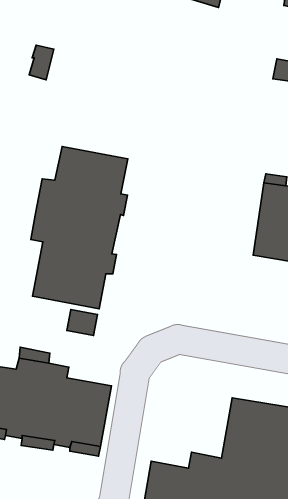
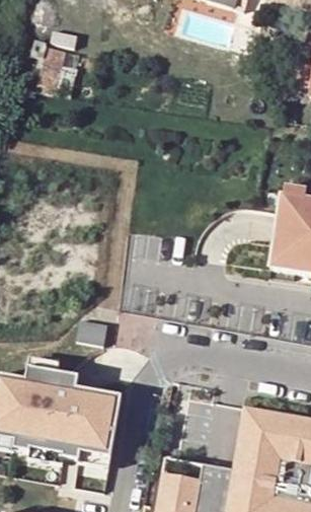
building: [31,147,128,309] -> none

